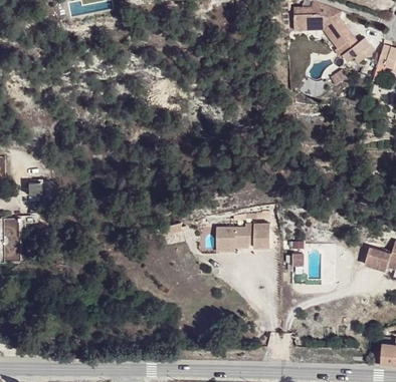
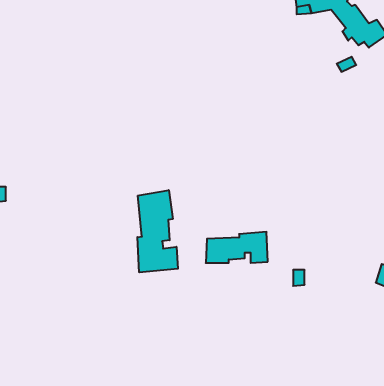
building: none -> [137,190,178,272]

